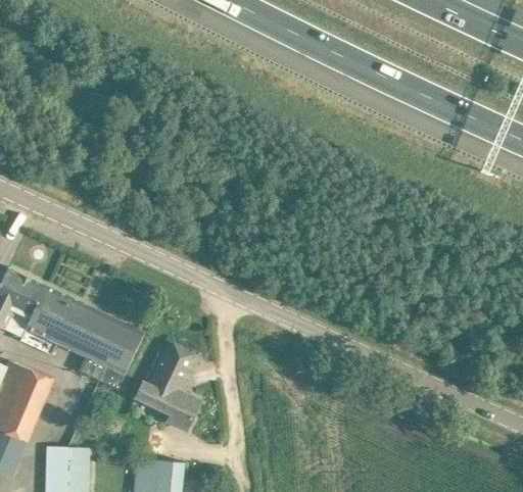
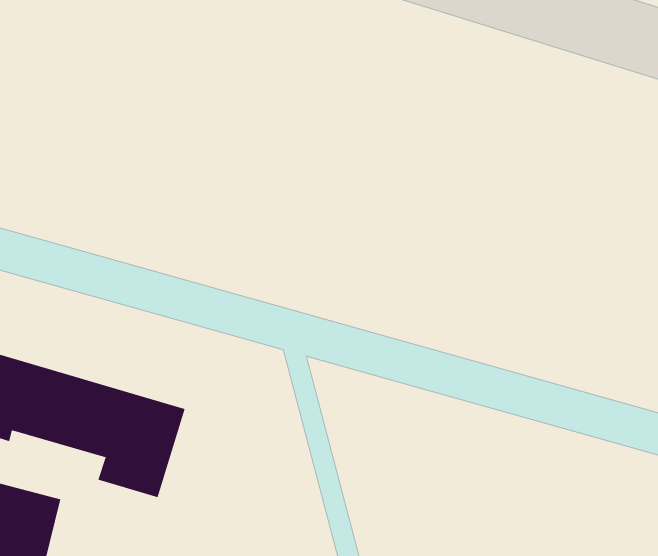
building: [135,342,202,432] -> none

